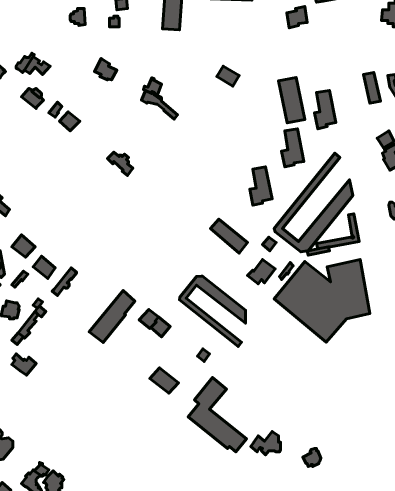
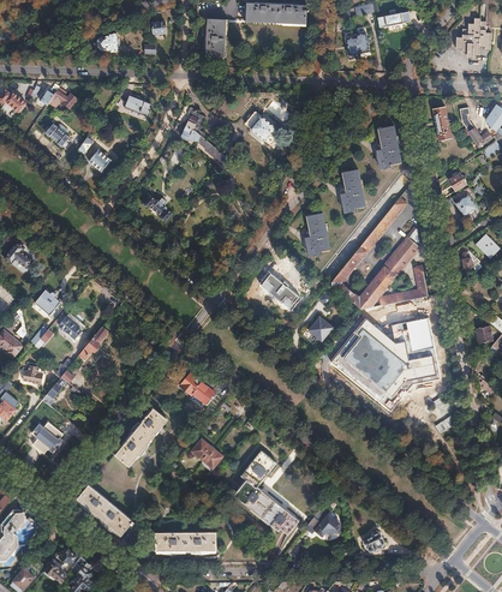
building: [279,77,305,123] -> none
building: none -> [245,112,281,145]
building: [180,276,245,346] -> none
building: [89,291,135,343] -> [114,407,166,466]
building: none -> [77,485,133,536]
building: none -> [156,532,216,552]

